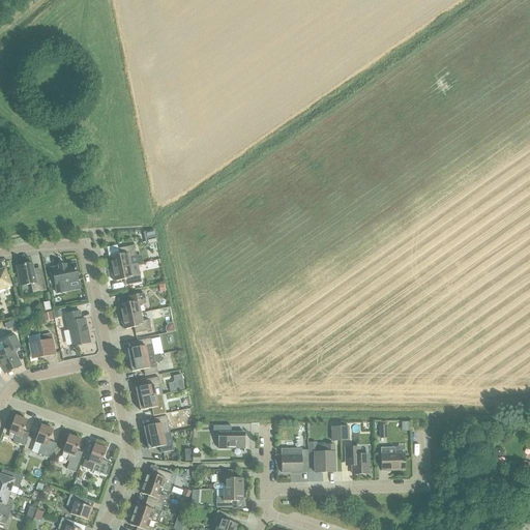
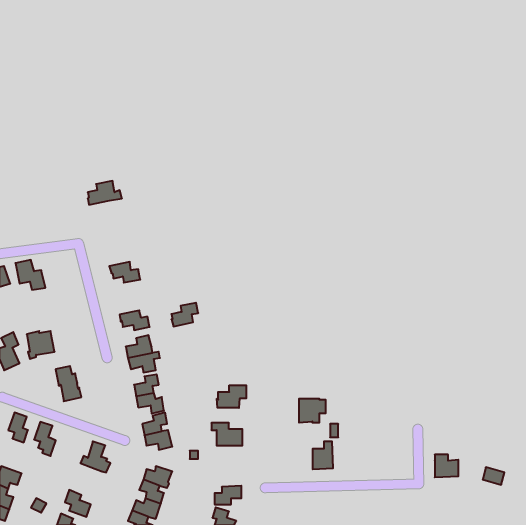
building: [109,243,143,267] -> [88,181,122,205]
building: [51,262,78,292] -> none
building: [118,292,145,316] -> [171,303,198,326]
building: [64,310,90,345] -> [56,366,81,401]
building: none -> [217,385,246,408]
building: [62,434,82,471] -> none
building: [345,445,367,473] -> none
building: [380,446,404,469] -> [435,455,458,477]
building: [281,447,307,471] -> [299,399,326,423]
building: [212,470,242,489] -> none

